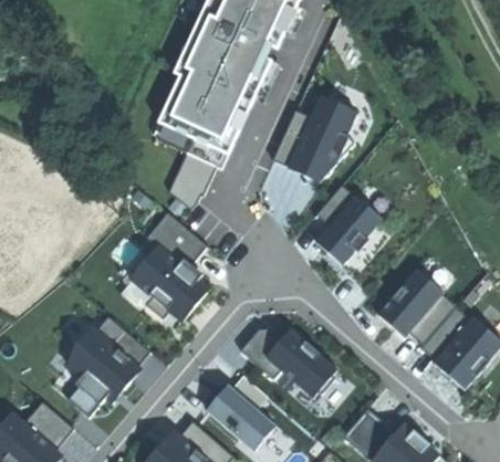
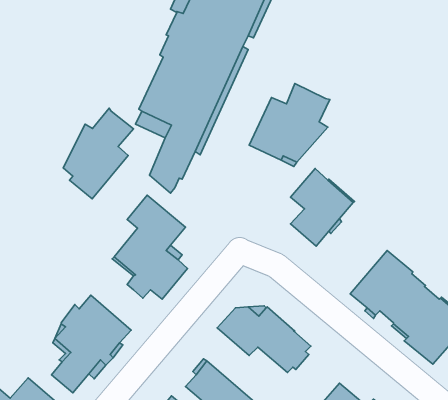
building: none -> [63,108,133,199]

